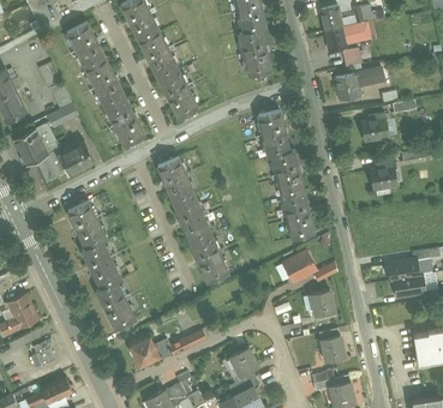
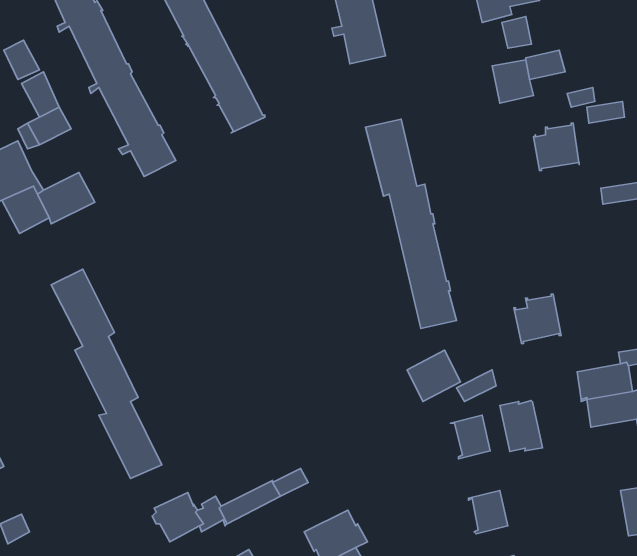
building: [158,158,228,282] -> none
building: [369,161,397,191] -> [514,294,561,344]
building: none -> [500,400,543,452]

